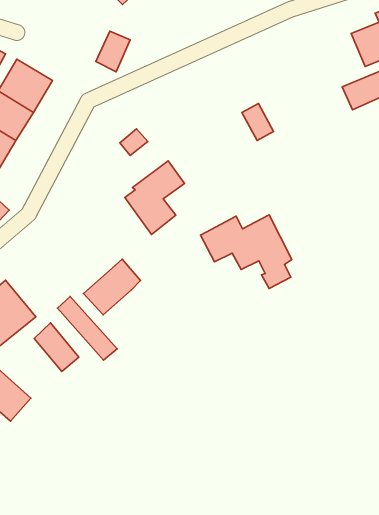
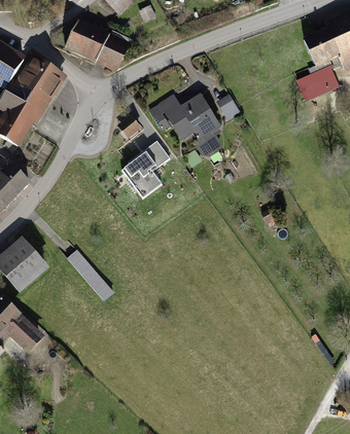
building: none -> [65,21,108,60]
building: [200,215,292,289] -> [147,93,221,152]
building: [84,259,140,315] -> none
building: [34,323,79,371] -> none

